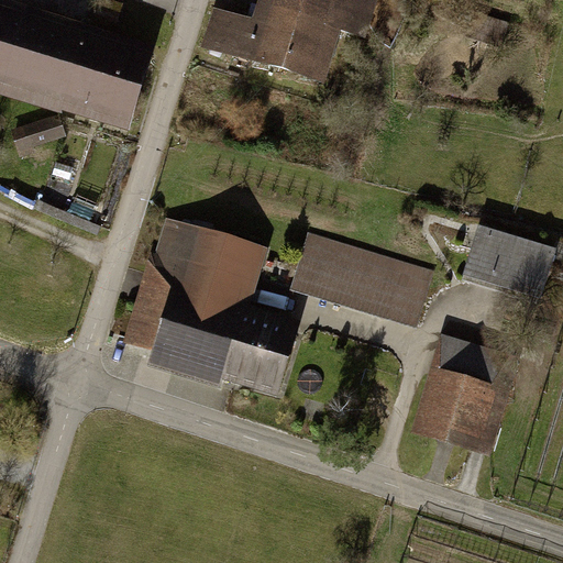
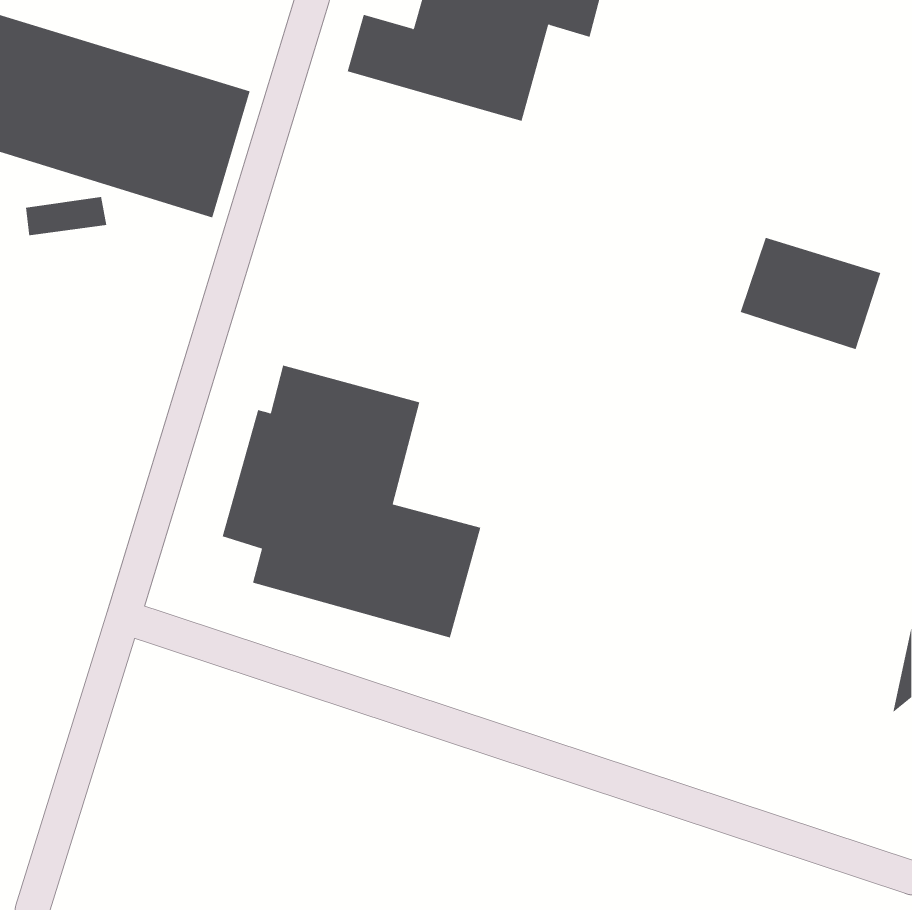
building: [462,227,549,296] -> [740,237,881,350]
building: [289,233,430,320] -> none
building: [418,336,510,446] -> none

